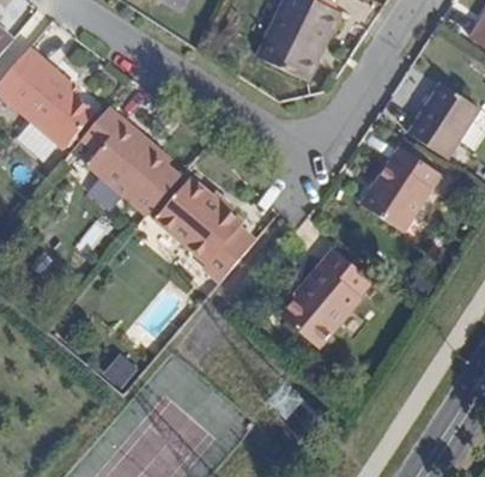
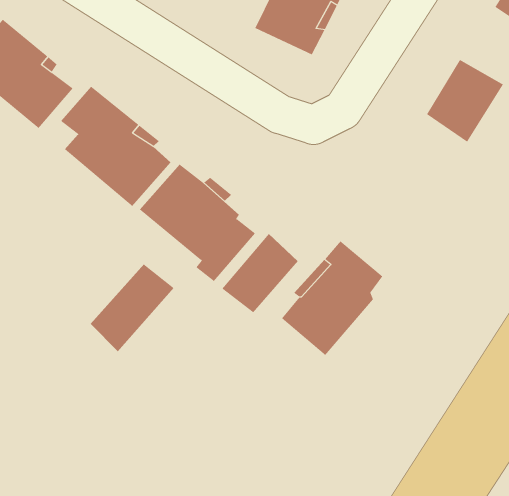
building: [362,146,439,231] -> none
building: none -> [222,233,298,313]
building: none -> [90,264,174,352]

